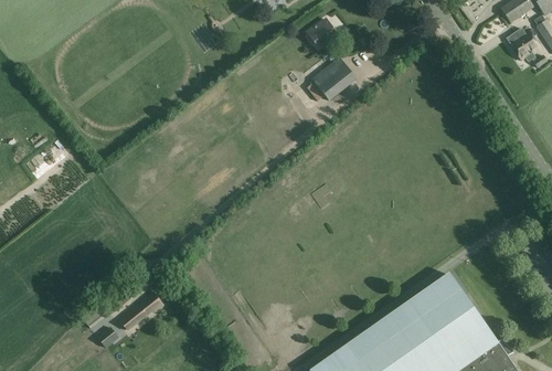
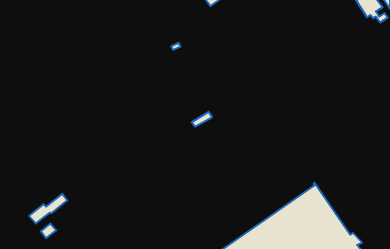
building: [310,56,357,102] -> none
building: [117,293,162,331] -> none

